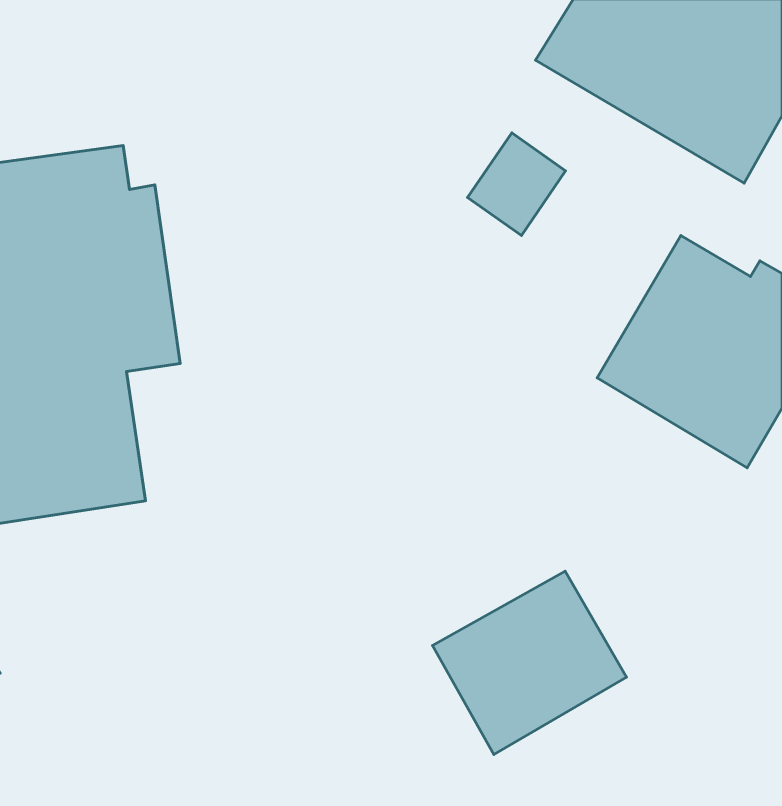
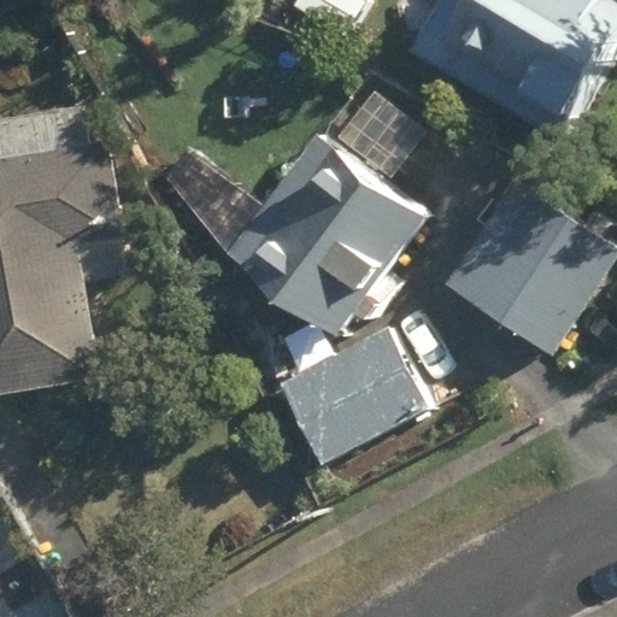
building: none -> [166,134,436,330]
building: [432,571,627,755] -> [289,328,437,468]

